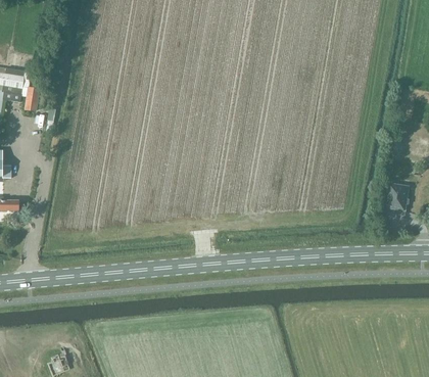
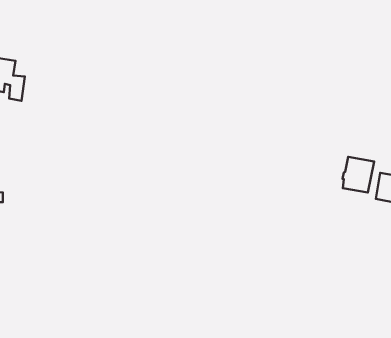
building: none -> [343,157,374,193]

